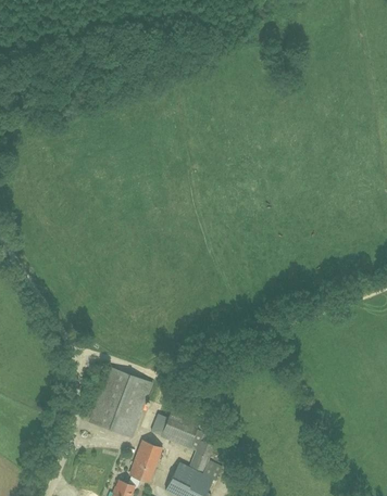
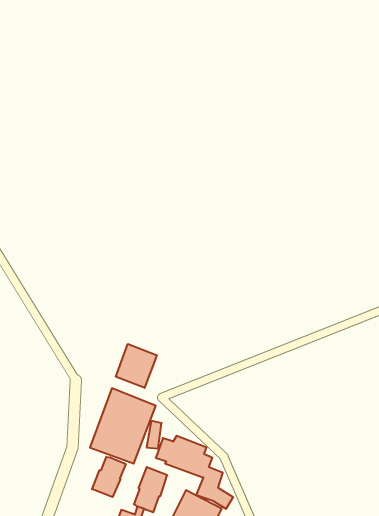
building: none -> [116,344,157,388]
building: none -> [92,457,126,497]

